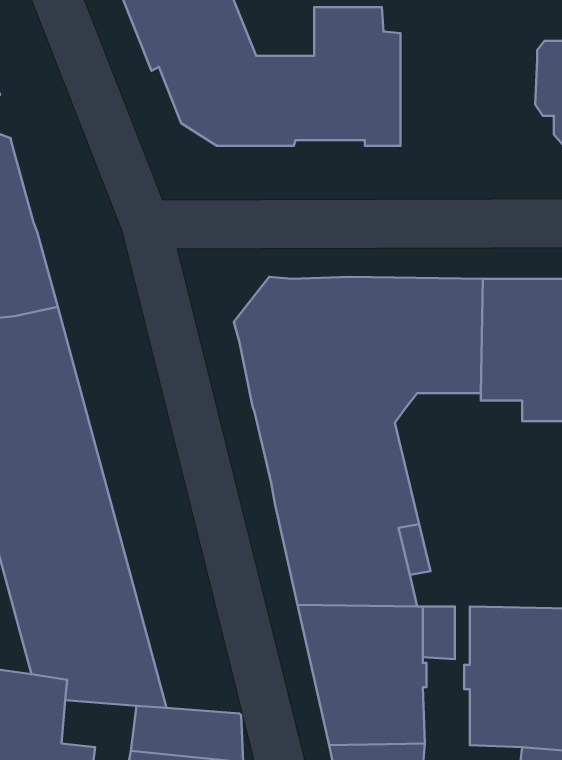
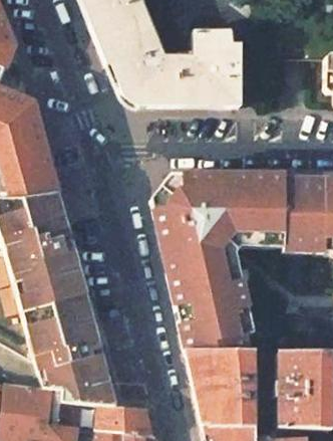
building: none -> [59,403,99,430]

